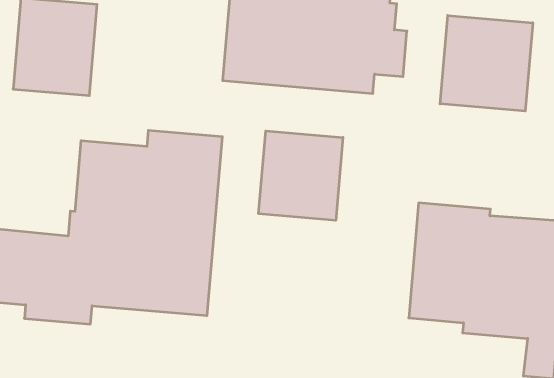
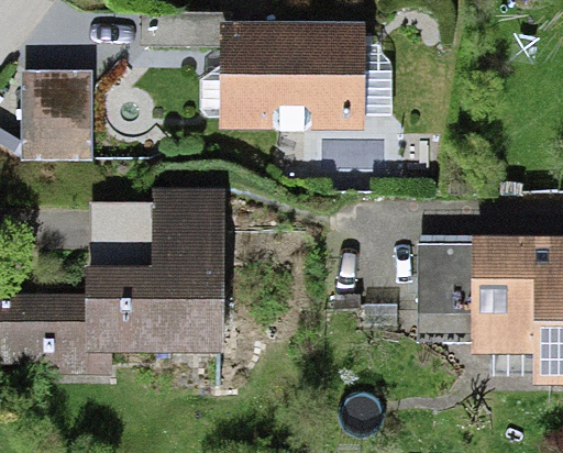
building: [440,15,533,111] -> none
building: [259,131,343,220] -> none

